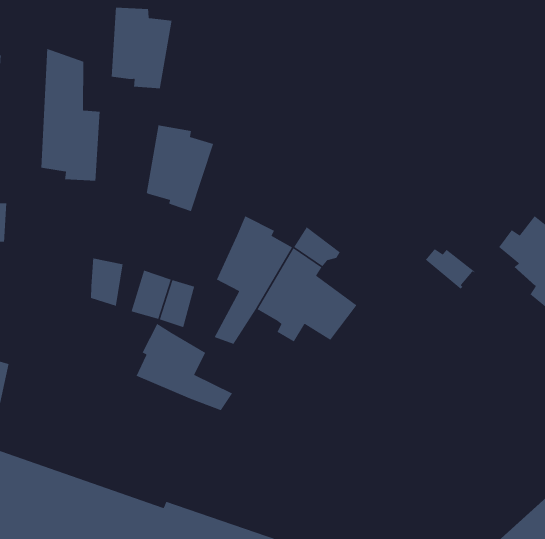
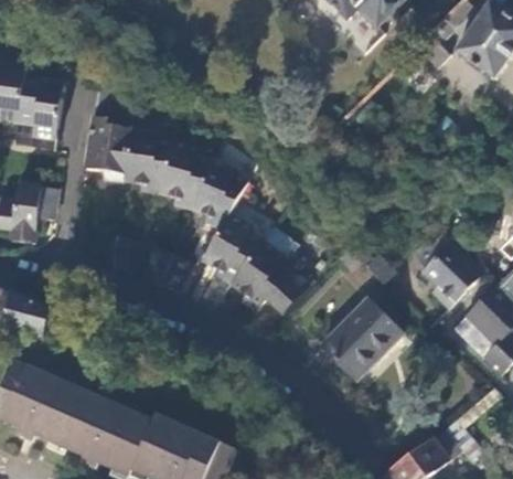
building: [111,7,173,89] -> [125,128,173,191]
building: none -> [192,159,248,227]
building: none -> [327,300,407,382]
building: [135,323,233,411] -> none

